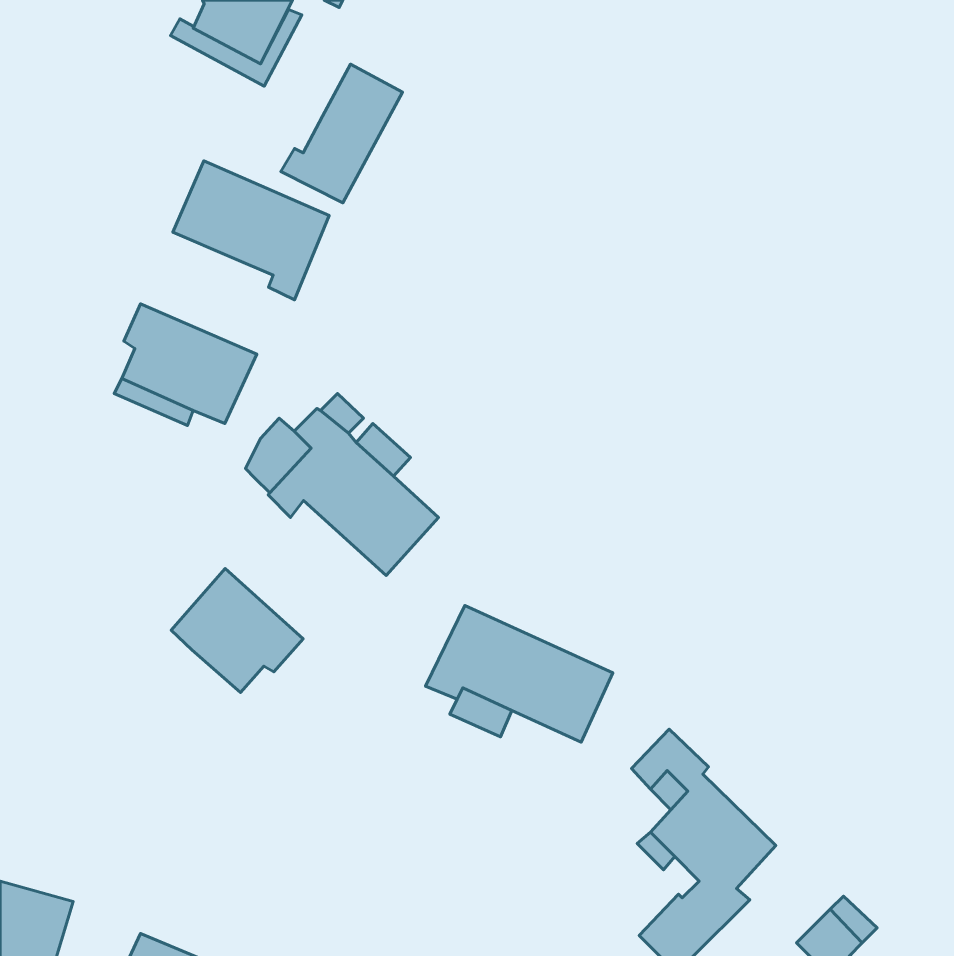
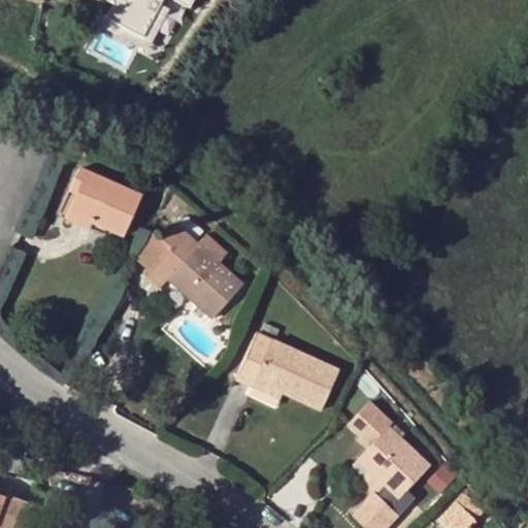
building: [281,64,403,203] -> none
building: [173,161,329,300] -> none
building: [171,568,303,692] -> none

